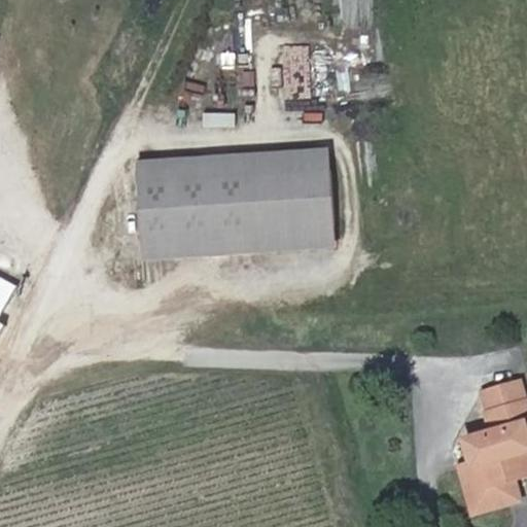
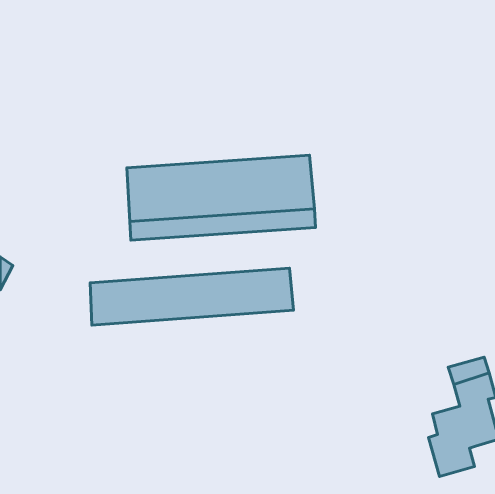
building: [136,147,330,182] -> none
building: none -> [90,268,293,325]

